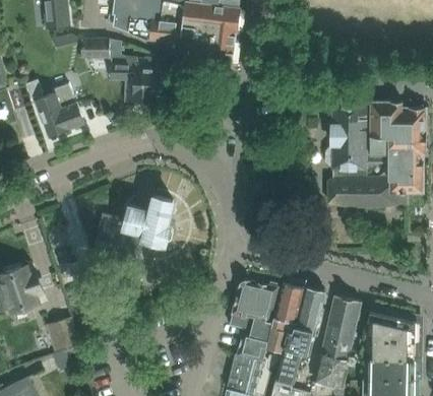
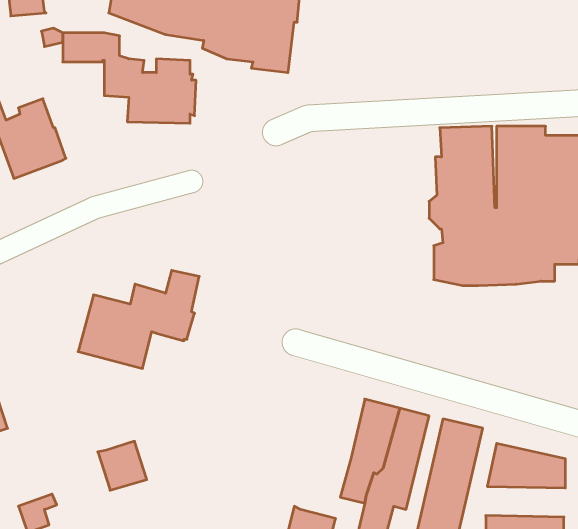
building: [230,279,280,361] -> none
building: [47,319,79,351] -> [98,441,147,490]
building: [363,340,416,360] -> none

